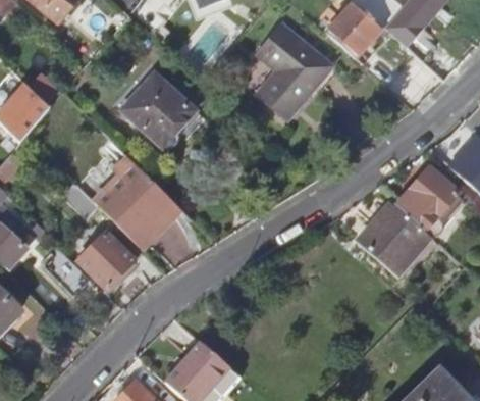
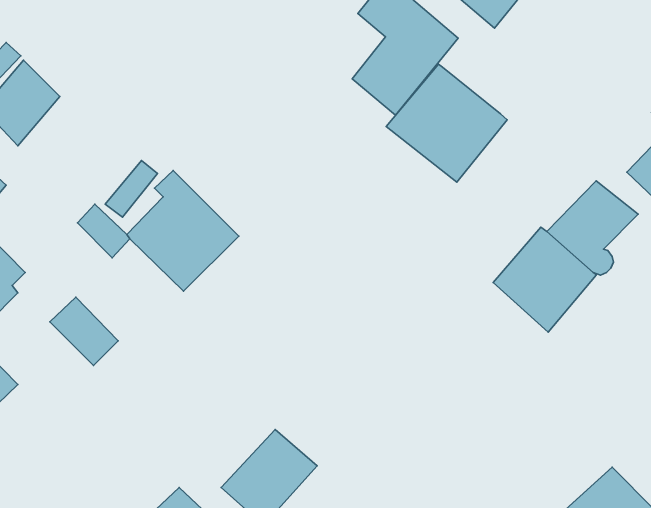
building: [122,74,201,147] -> none
building: none -> [386,64,507,182]
building: [77,232,136,289] -> none

